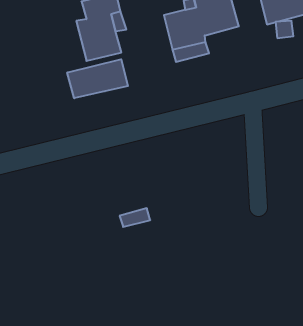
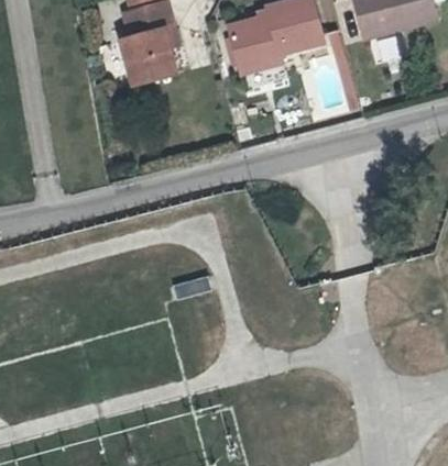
building: [67,59,128,98] -> none

